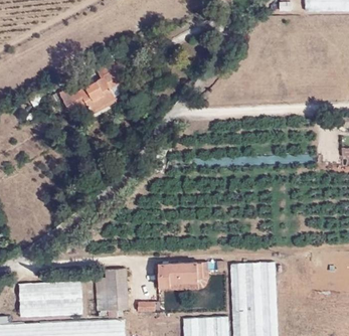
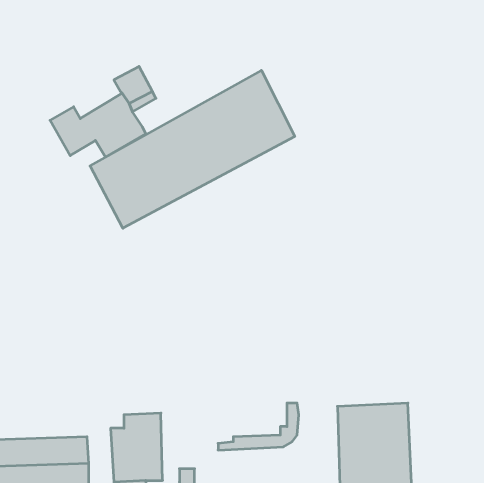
building: none -> [90,70,295,228]
building: [159,263,201,287] -> none

